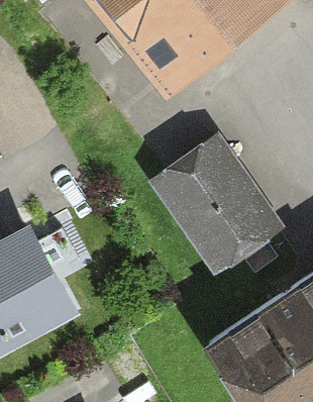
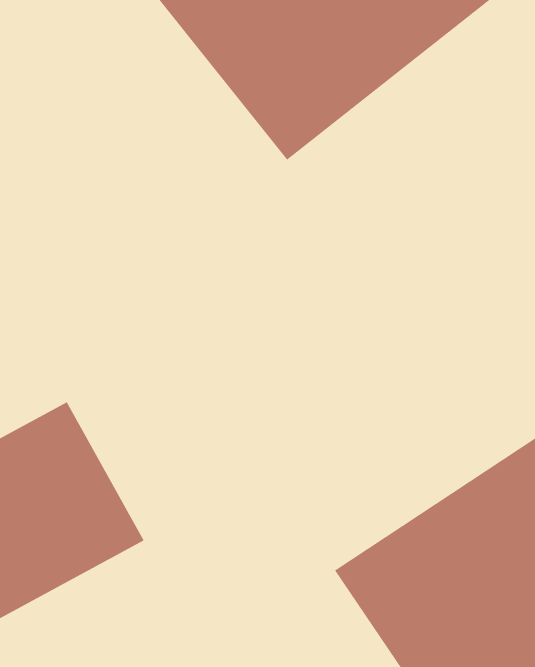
building: [151,136,279,274] -> none

